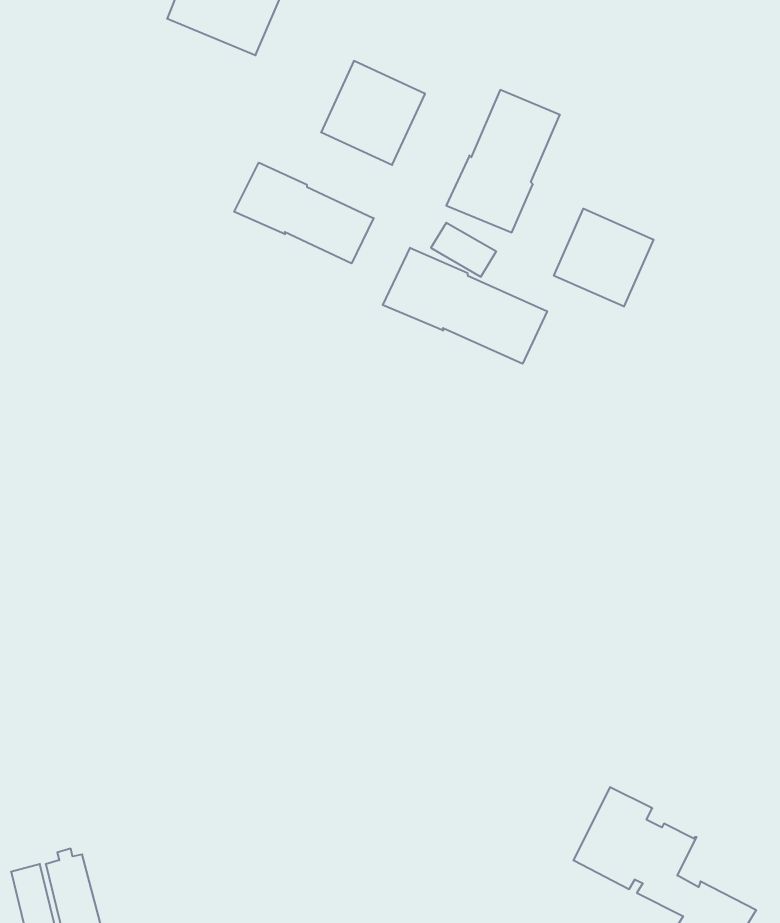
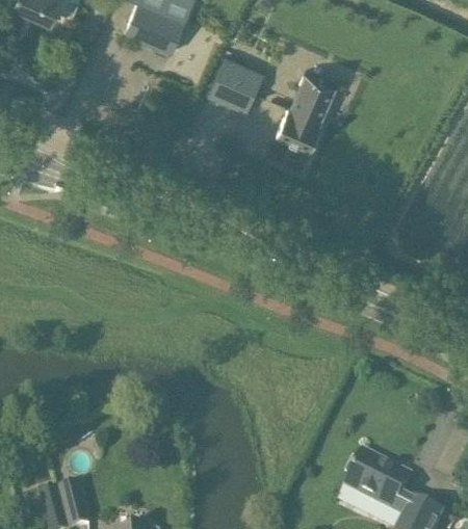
building: [234,163,374,263] -> none
building: [554,209,653,307] -> none
building: [383,248,547,364] -> none

